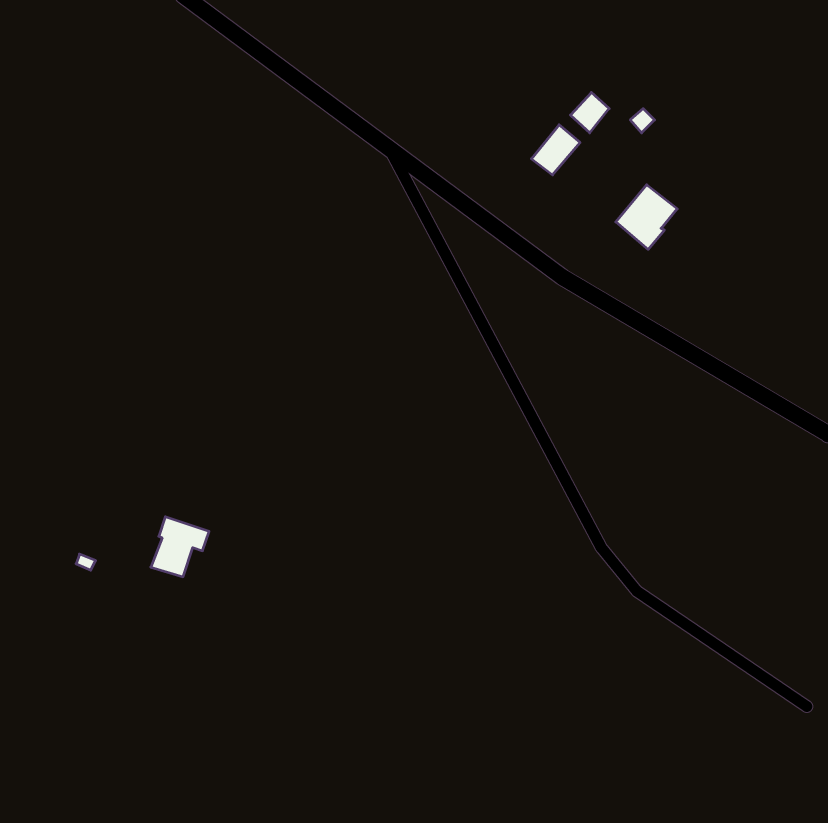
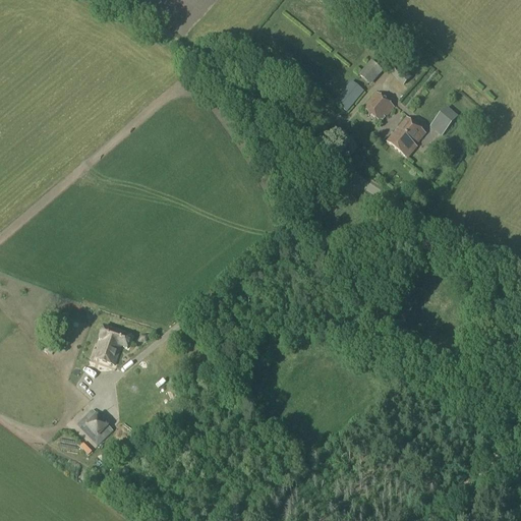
building: none -> [363,91,395,121]
building: none -> [430,105,458,133]
building: none -> [76,409,113,445]

